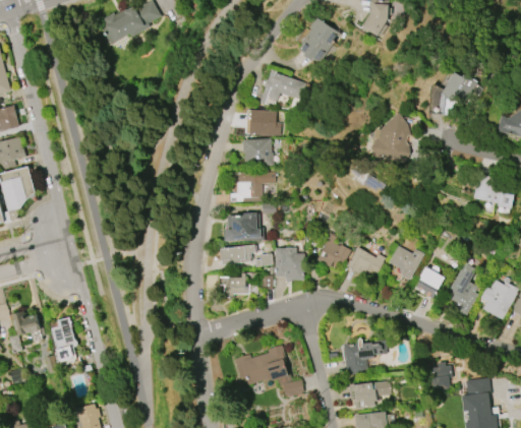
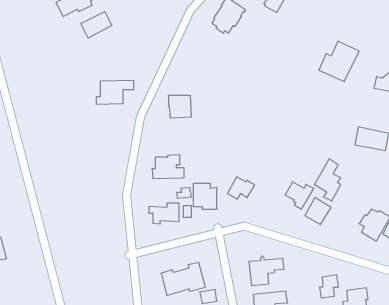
building: none -> [81,12,112,38]
building: [258,69,306,104] -> none
building: [249,110,281,136] -> none
building: [373,113,409,162] -> none
building: [228,173,275,202] -> [96,80,134,104]
building: [220,245,254,264] -> none
building: [346,247,386,277] -> none
building: [445,263,477,315] -> [314,159,341,201]
building: [49,315,80,369] -> none

